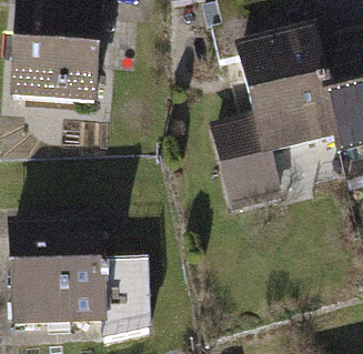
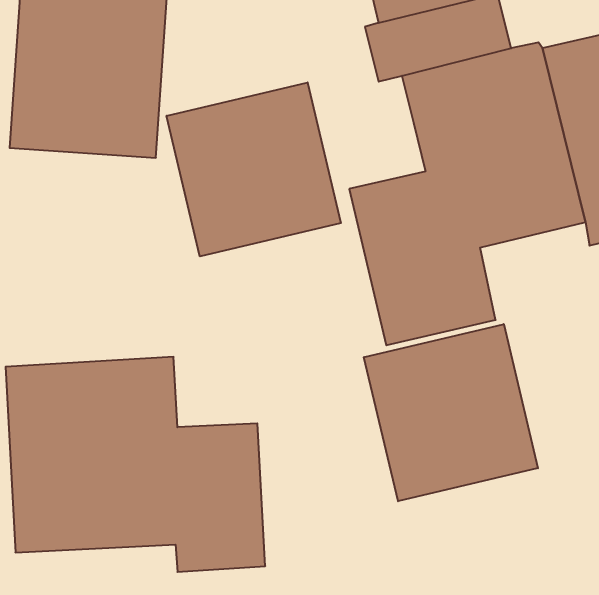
building: none -> [167,82,341,256]
building: none -> [364,324,538,501]

